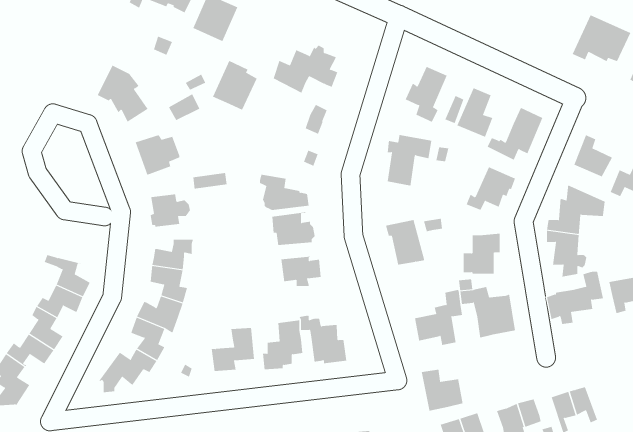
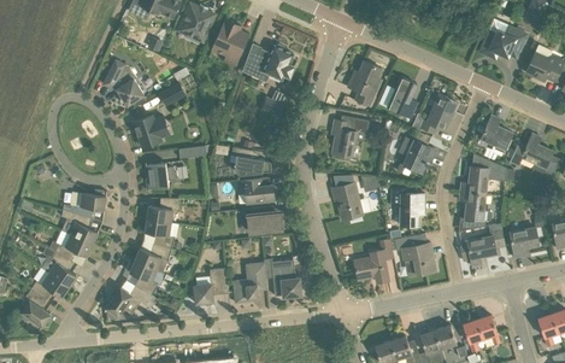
building: [212,60,258,110] -> [212,19,248,59]
building: none -> [63,189,106,217]
building: [421,369,463,411] -> none

